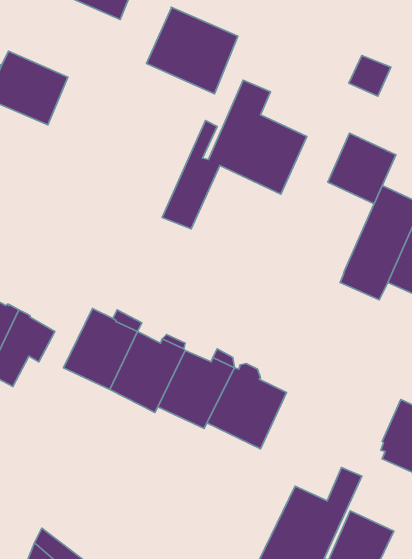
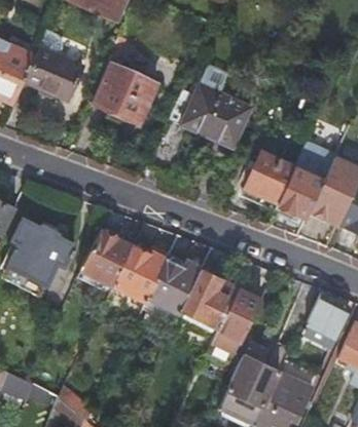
building: [147,7,238,94] -> [93,61,157,122]
building: [328,133,396,204] -> [246,152,294,202]
building: none -> [209,288,262,359]

